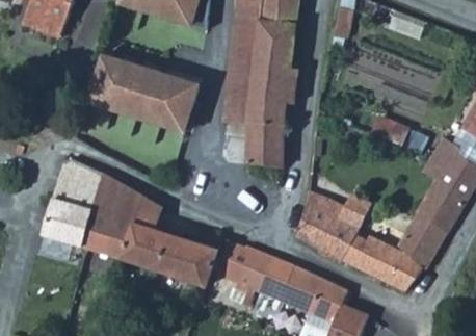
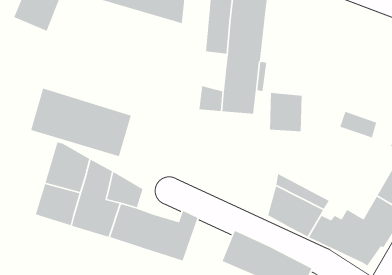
building: [86,53,197,129] -> [30,88,132,157]
building: [226,57,254,100] -> none
building: [246,123,283,166] -> [269,92,303,132]
building: [214,240,260,293] -> none

